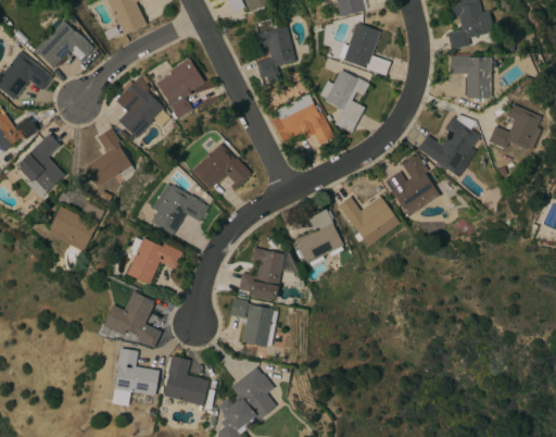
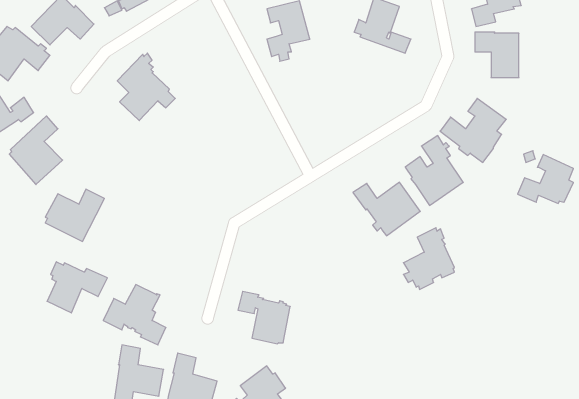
building: [156,58,204,117] -> none
building: [319,70,369,133] -> none
building: [271,100,334,145] -> none
building: [489,104,541,150] -> [518,155,573,203]
building: [87,128,135,186] -> none
building: [191,143,251,190] -> none
building: [151,184,208,235] -> none
building: [295,209,343,266] -> [403,228,454,289]
building: [127,237,184,285] -> [47,262,107,313]
building: [239,248,285,300] -> none

